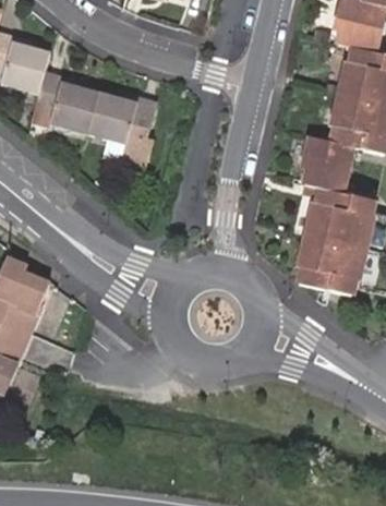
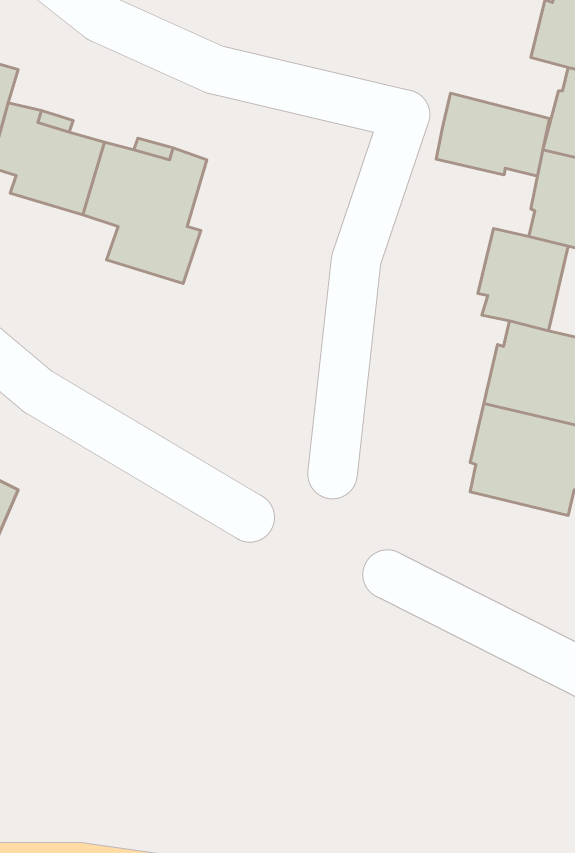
building: none -> [436,93,550,176]

